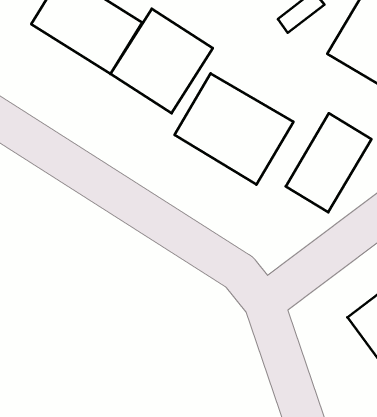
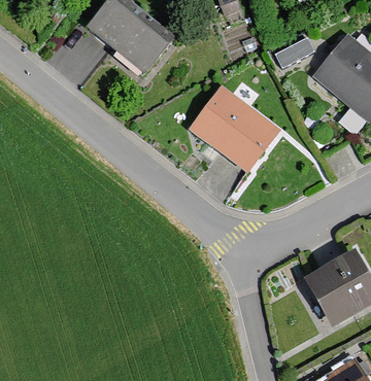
building: [111,9,213,113] -> none
building: [286,113,371,212] -> none

